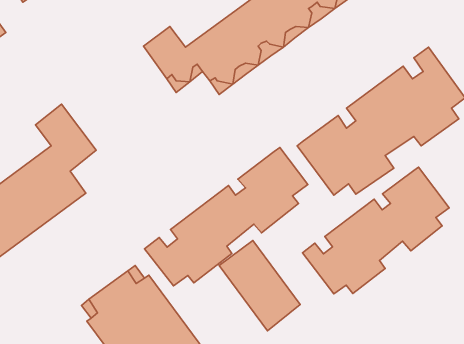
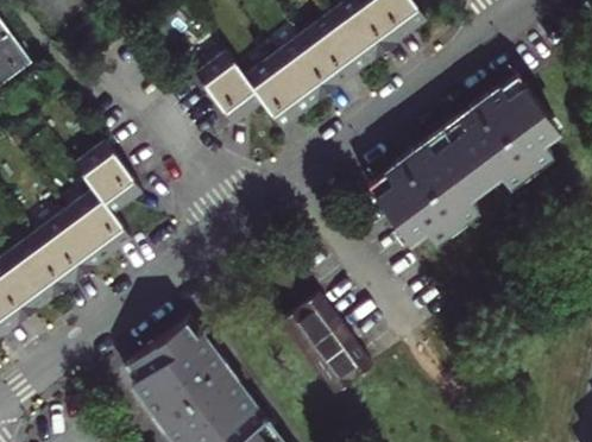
building: [144,148,308,286] -> none
building: [302,167,449,294] -> none

